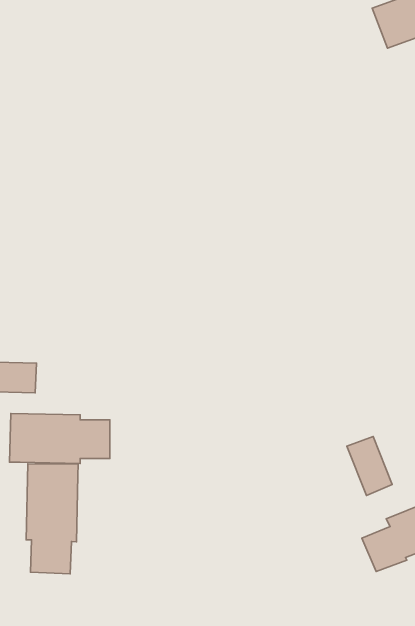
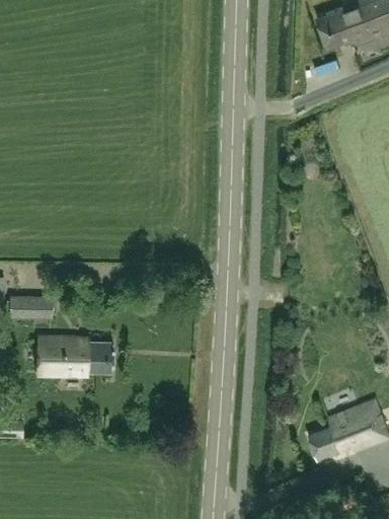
building: [347,436,392,496] -> none
building: [26,464,78,574] -> none

